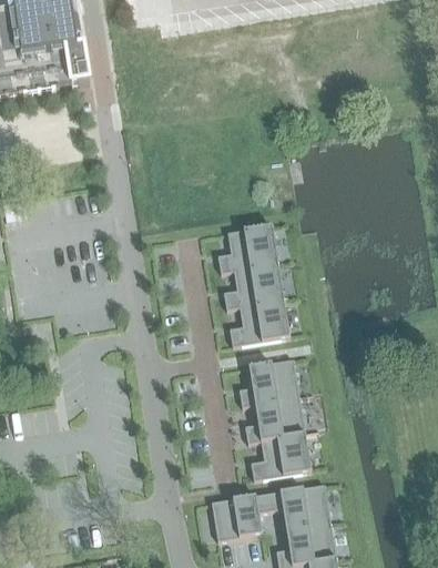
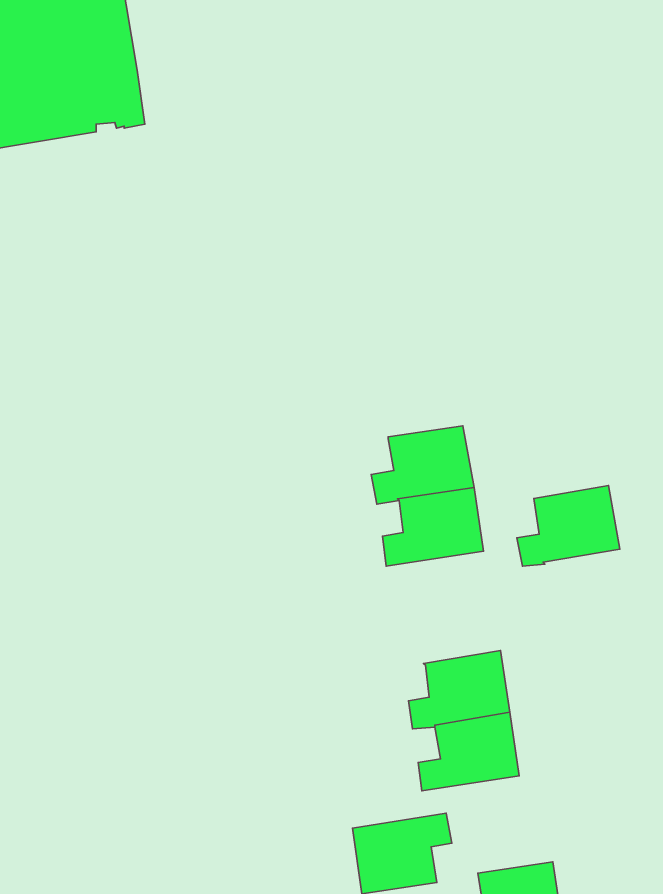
building: [217,225,277,273] -> none
building: [238,358,299,406] -> [517,486,620,566]
building: [267,484,330,528] -> none

